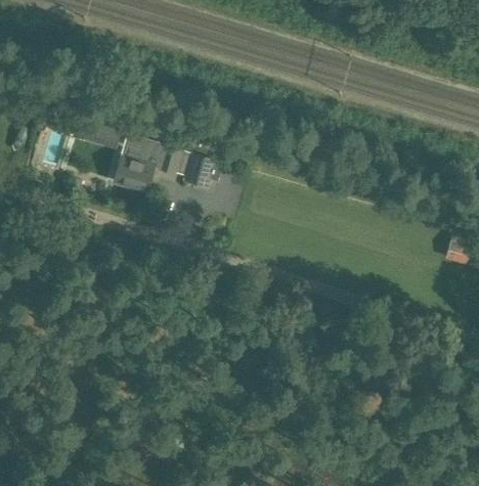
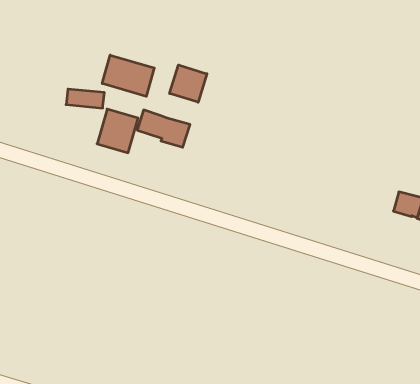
building: none -> [102,55,154,96]
building: none -> [170,65,207,102]

